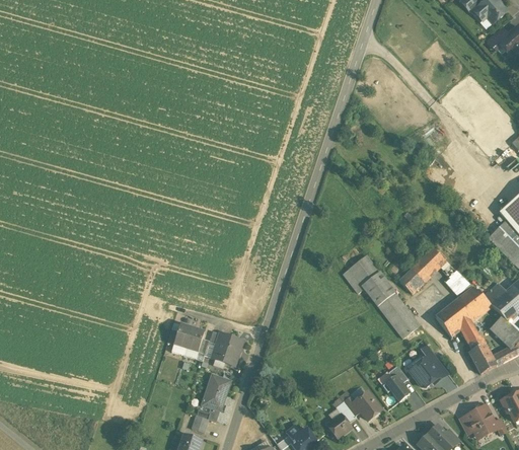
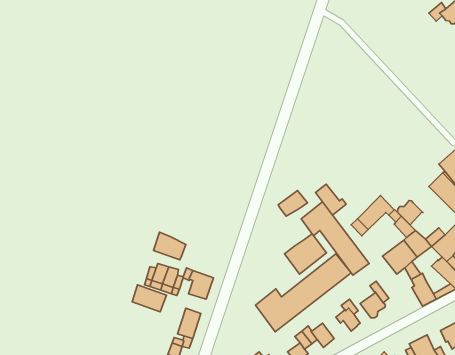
building: none -> [315,184,346,215]
building: none -> [278,190,308,216]
building: none -> [397,200,423,225]
building: none -> [154,232,186,260]
building: none -> [285,234,327,274]
building: none -> [255,254,351,332]
building: none -> [132,285,166,312]

